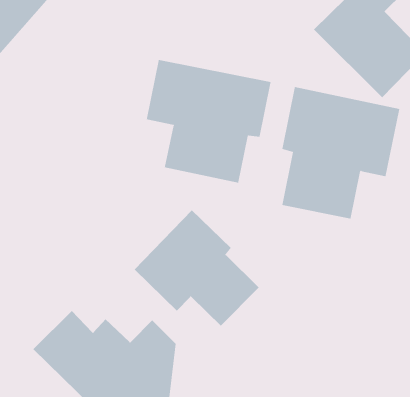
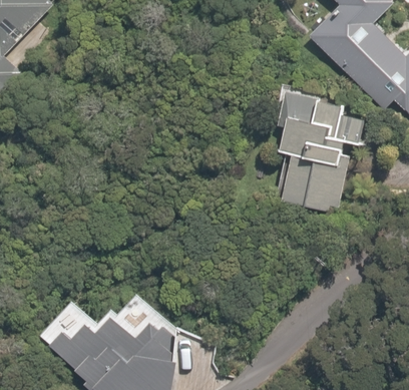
building: [146,59,271,183] -> none
building: [134,209,260,327] -> none

